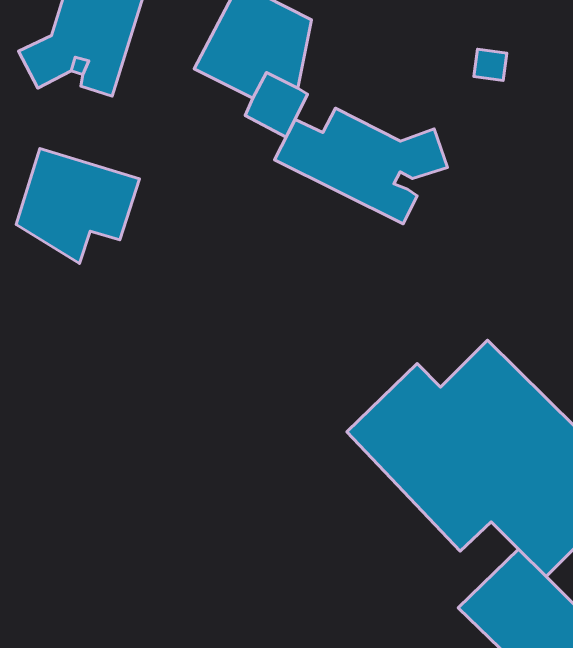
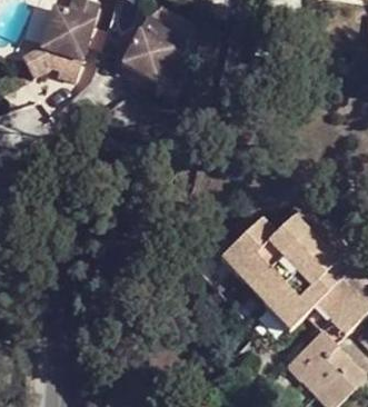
building: [275,108,448,224] -> none
building: [16,149,139,264] -> none

